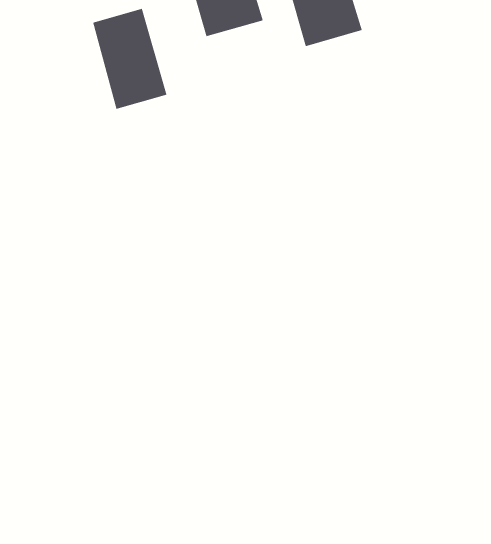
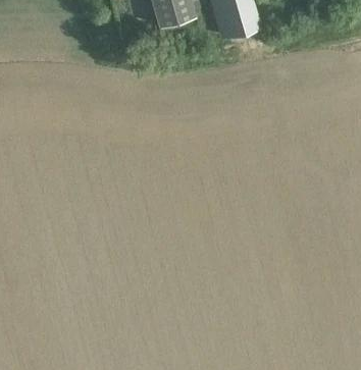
building: [92,8,168,110] -> none

